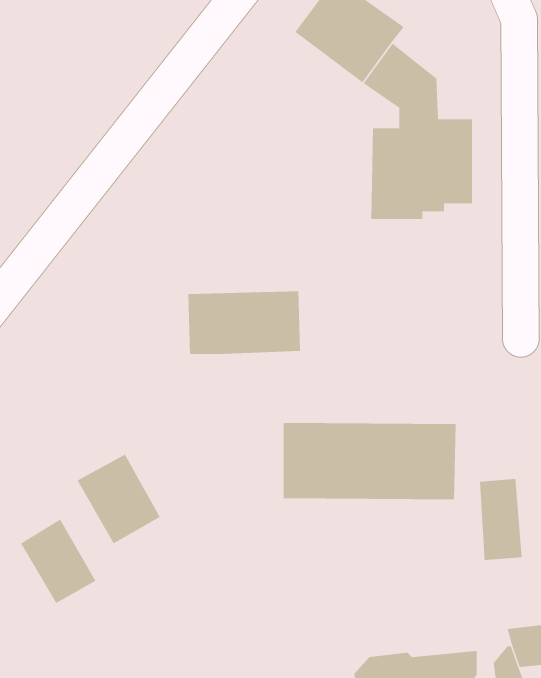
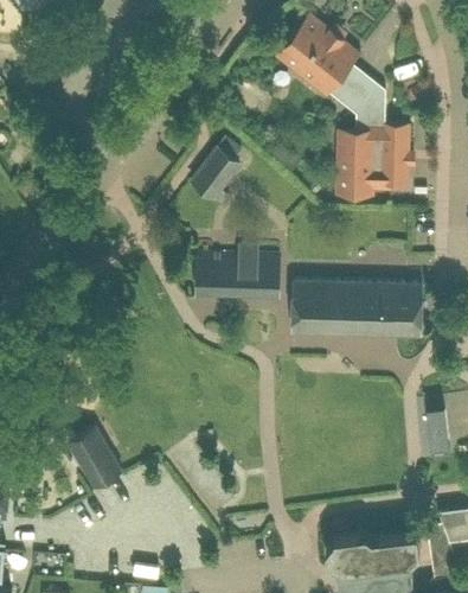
building: none -> [193,152,244,205]
building: [283,422,456,500] -> [289,279,422,338]
building: [77,454,161,544] -> none

